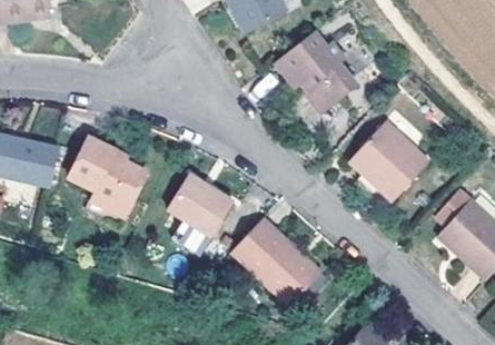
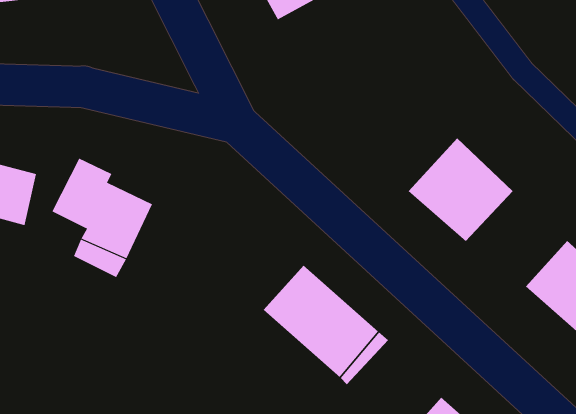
building: [273,30,355,114] -> none
building: [169,171,236,236] -> none

